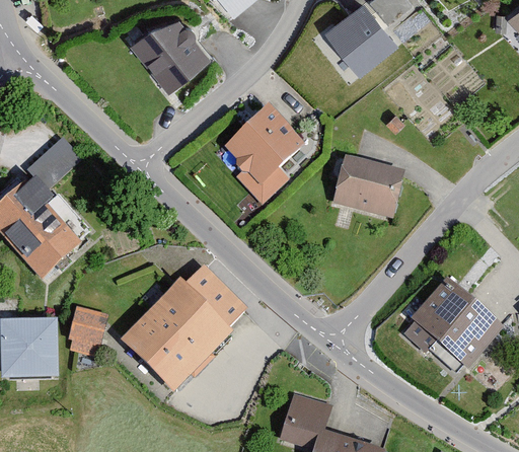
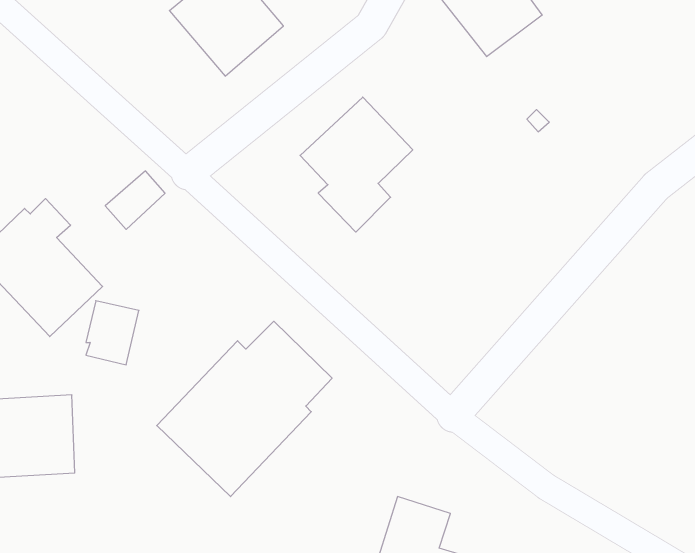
building: [33,138,77,180] -> [105,171,165,229]
building: [332,157,404,219] -> none
building: [404,282,500,371] -> none
building: [69,308,107,355] -> [86,301,139,365]

